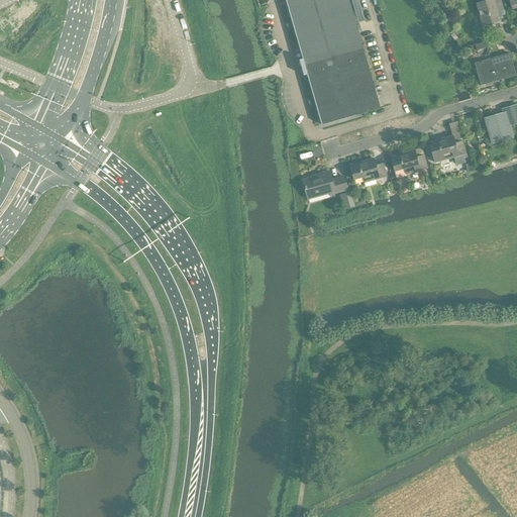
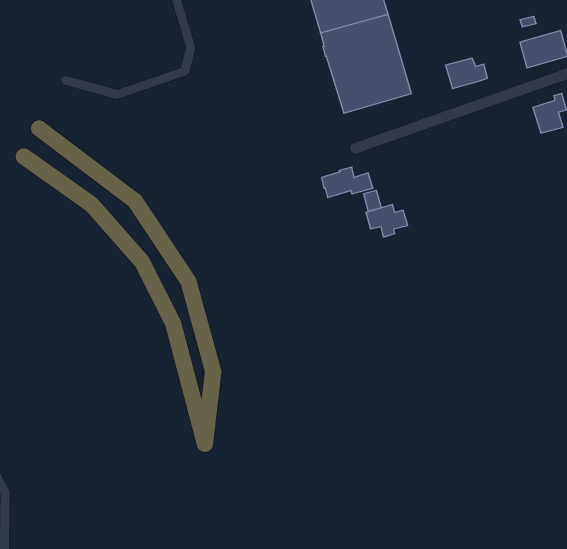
building: [429,135,466,162] -> [445,58,487,89]
building: [391,149,427,177] -> none
building: [350,158,387,186] -> [366,204,408,237]

